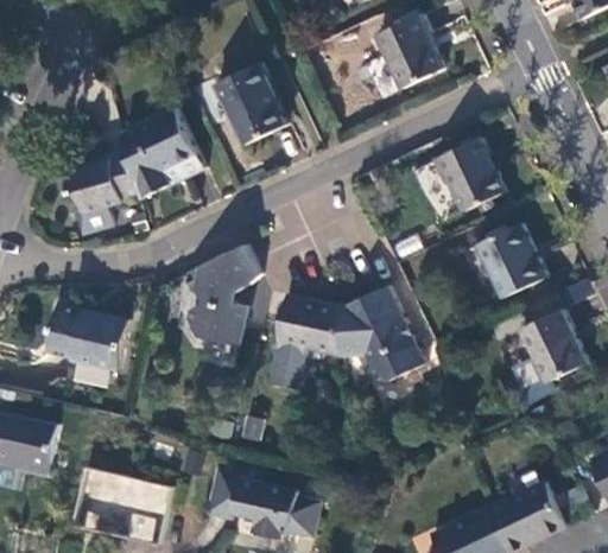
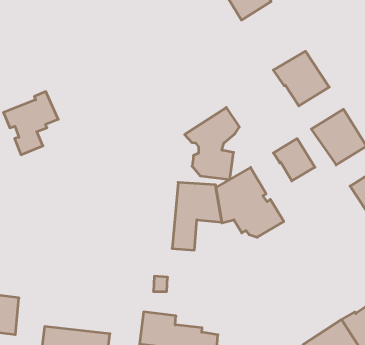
building: [215,63,286,146] -> none
building: [120,107,202,197] -> none
building: [184,244,259,342] -> [185,107,239,179]
building: none -> [273,139,315,181]
building: [44,301,127,367] -> none

